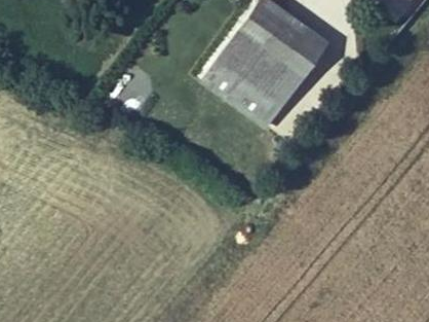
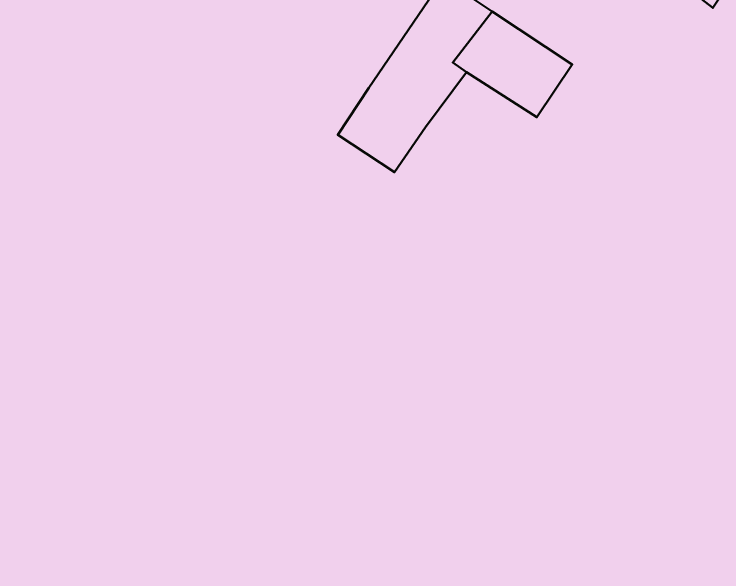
building: [231,48,306,127] -> none

